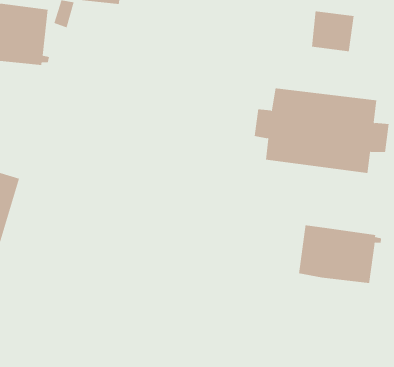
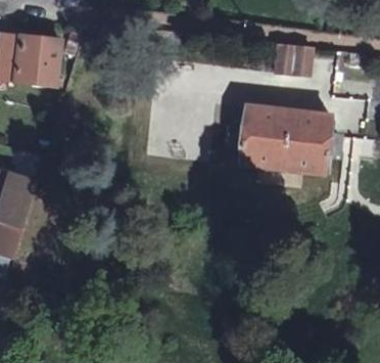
building: [299,225,381,284] -> none

